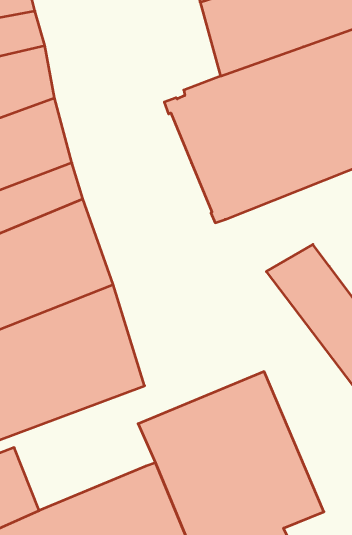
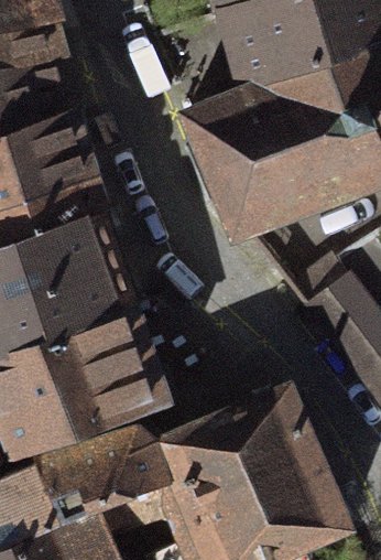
building: none -> [32,424,165,526]

